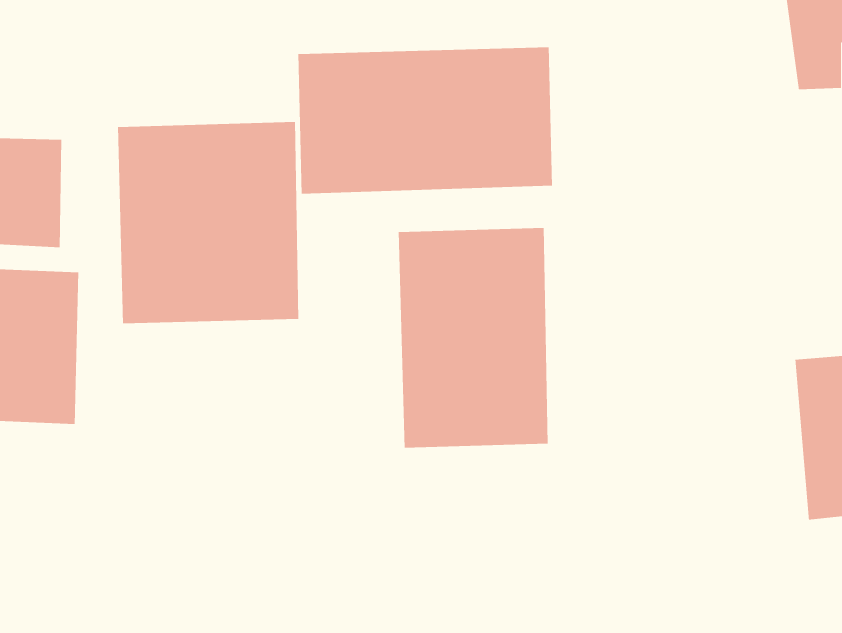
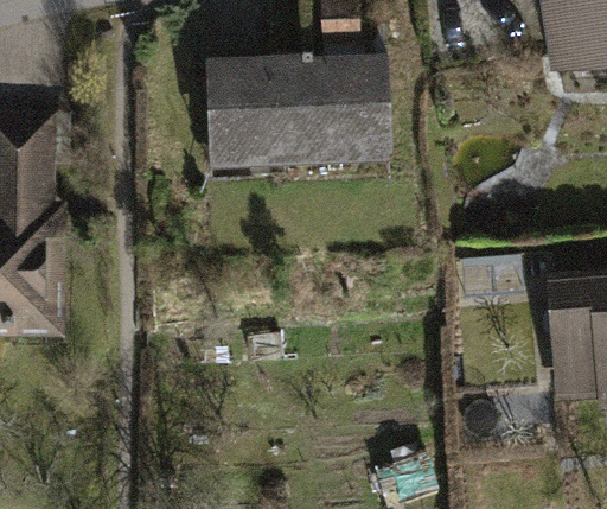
building: [117,121,299,324] -> none
building: [398,227,549,448] -> none

